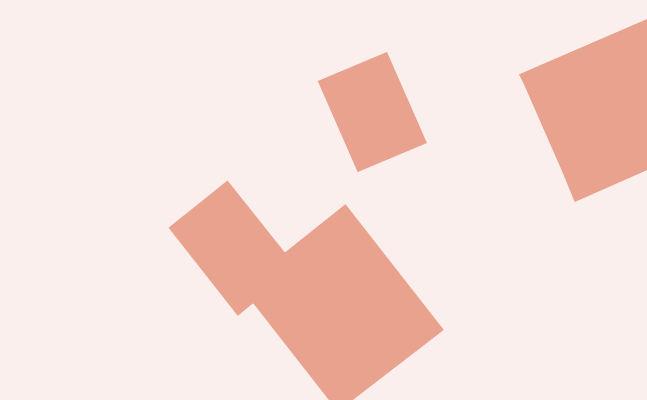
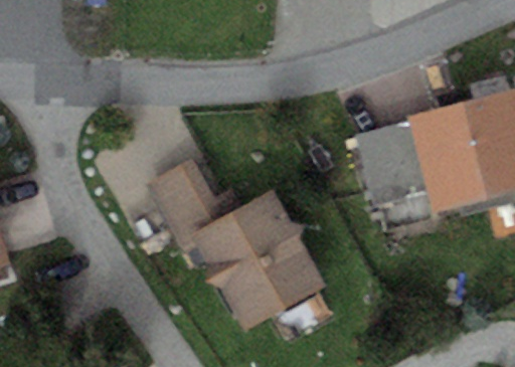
building: [317,51,428,173] -> [356,123,426,204]

